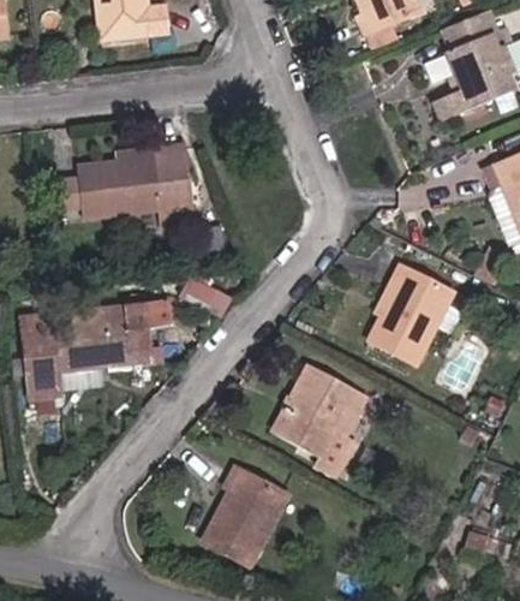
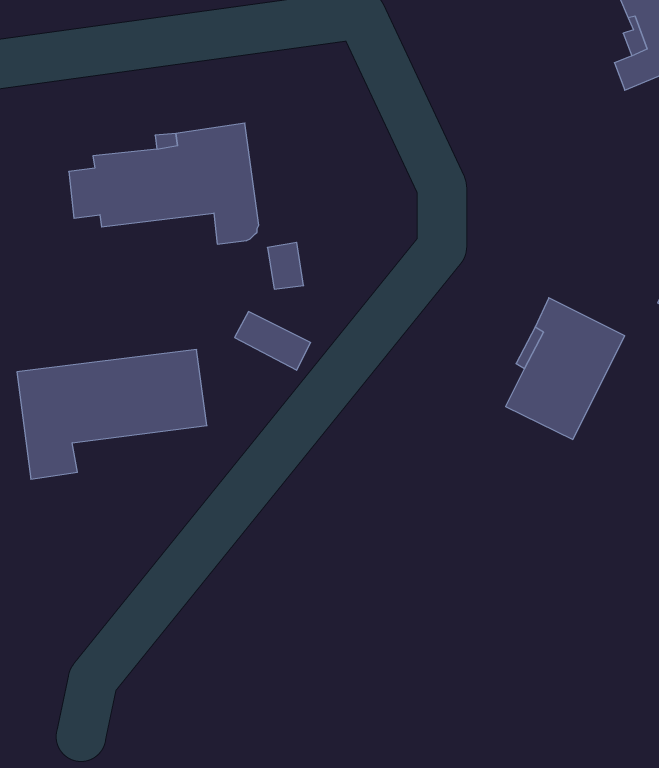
building: [275,368,367,475] -> none
building: [196,469,280,566] -> none

